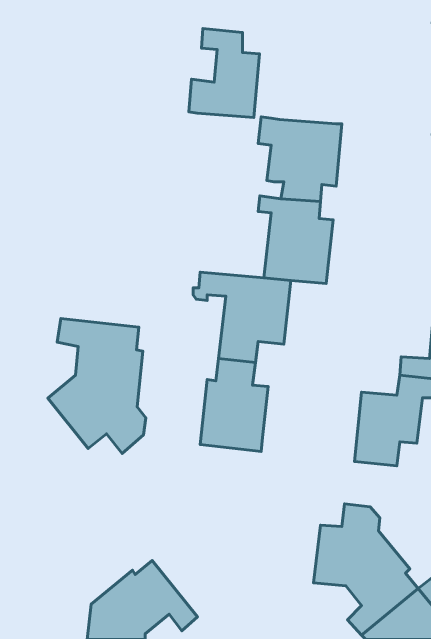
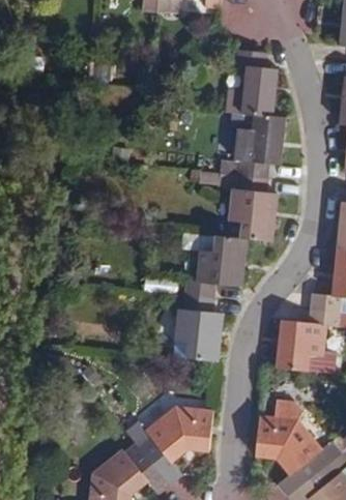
building: [189,28,259,117] -> [223,56,275,121]
building: [48,319,146,453] -> none
building: none -> [126,406,210,482]

